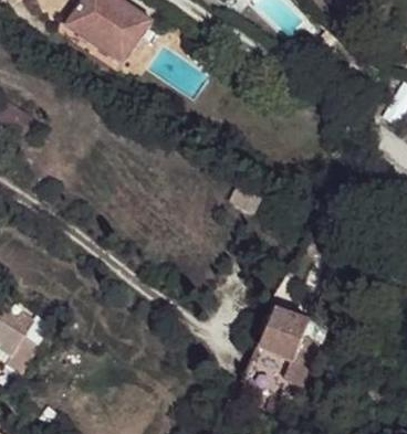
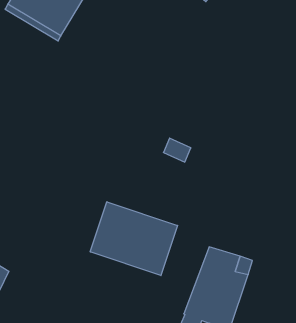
building: none -> [90,202,178,276]

